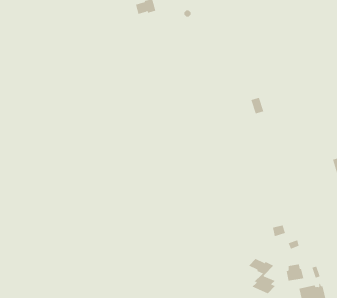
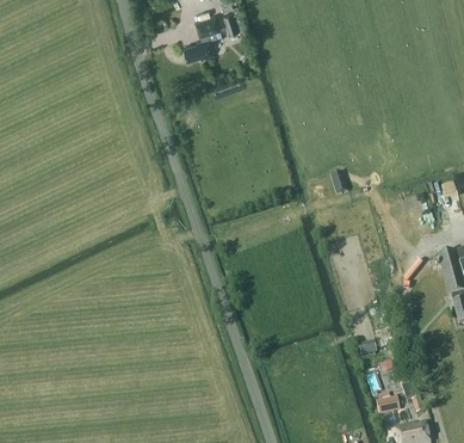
building: [248,258,276,294] -> none

